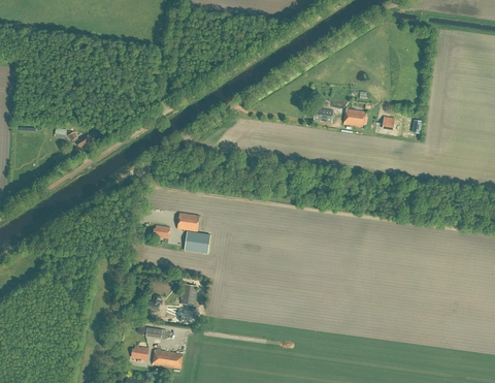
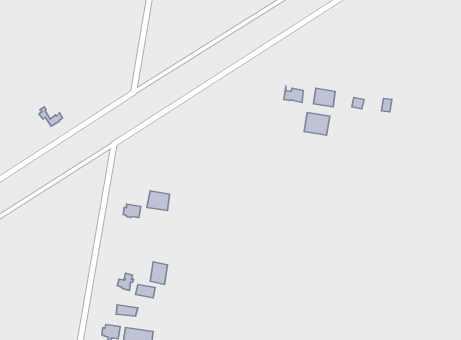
building: none -> [304,113,330,135]
building: [185,231,211,253] -> none

